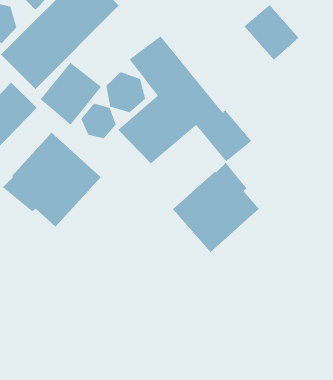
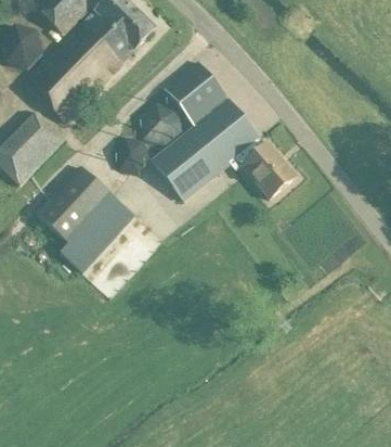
building: [244,4,299,61] -> none
building: [40,62,102,125] -> none
building: [172,162,260,253] -> none

